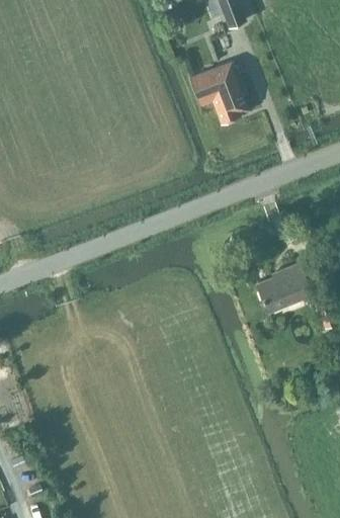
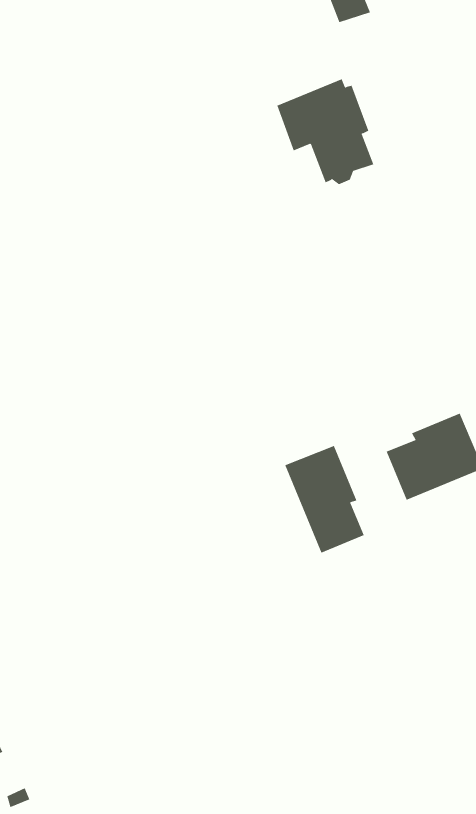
building: none -> [285,445,364,553]

